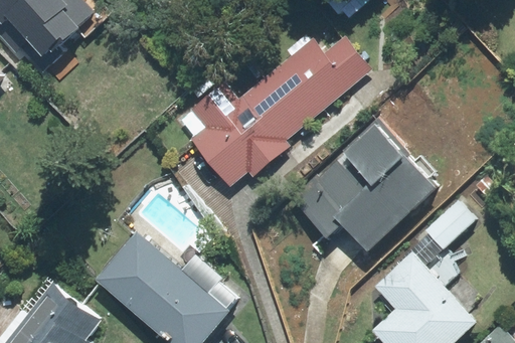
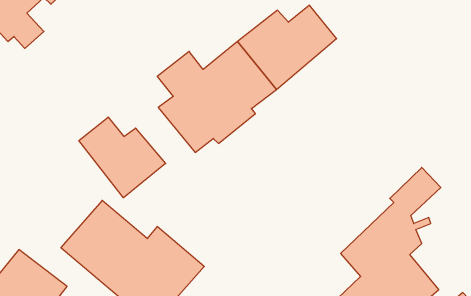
building: [289,118,435,249] -> none
building: none -> [79,117,166,198]

